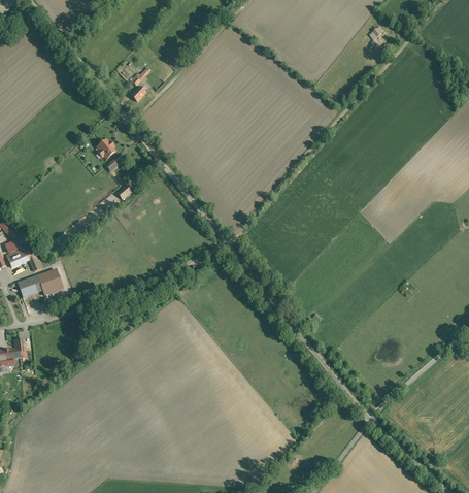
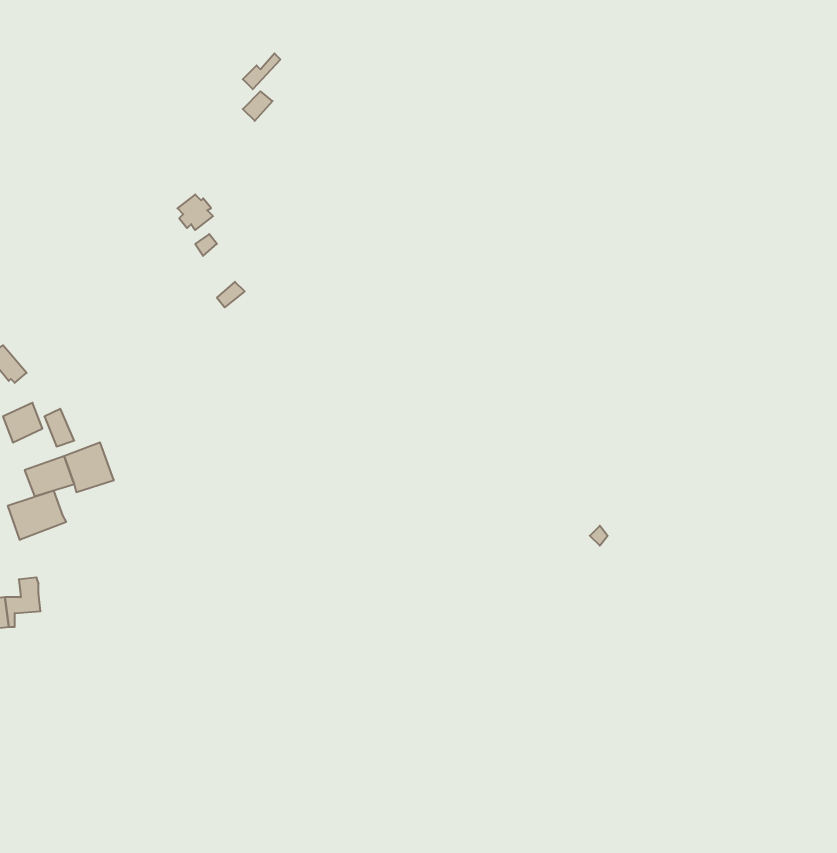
building: none -> [8,490,66,540]

